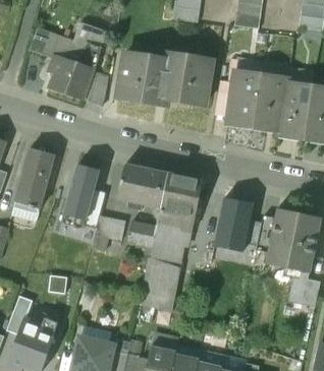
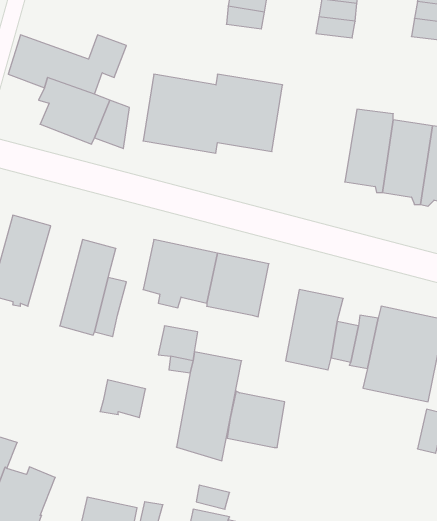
building: [227,72,261,125] -> none
building: [152,207,191,245] -> [227,391,285,447]
building: [95,214,125,240] -> [100,380,146,418]

